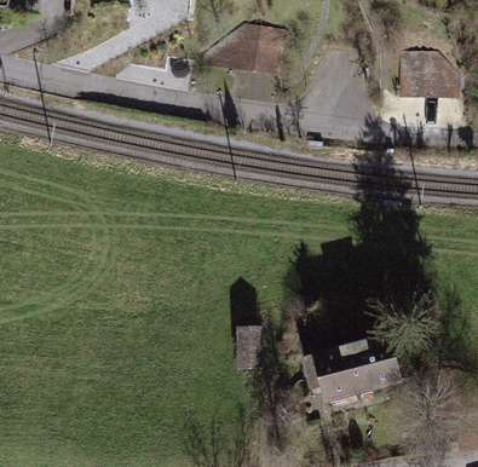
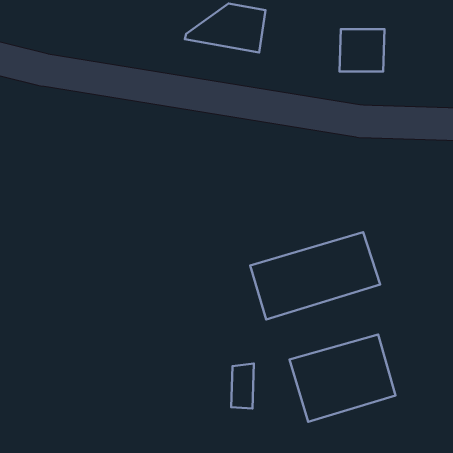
building: [403,56,444,94] -> [339,29,384,71]
building: none -> [250,232,380,320]

